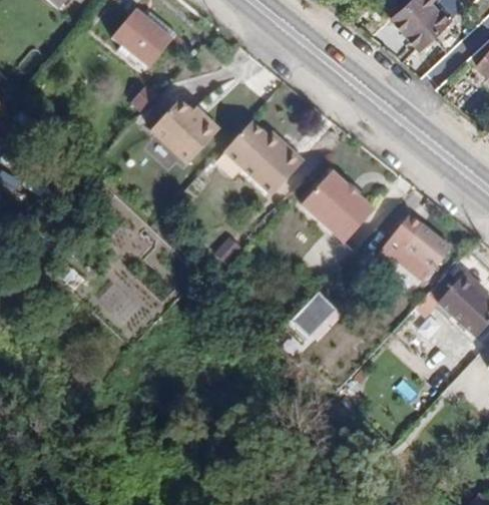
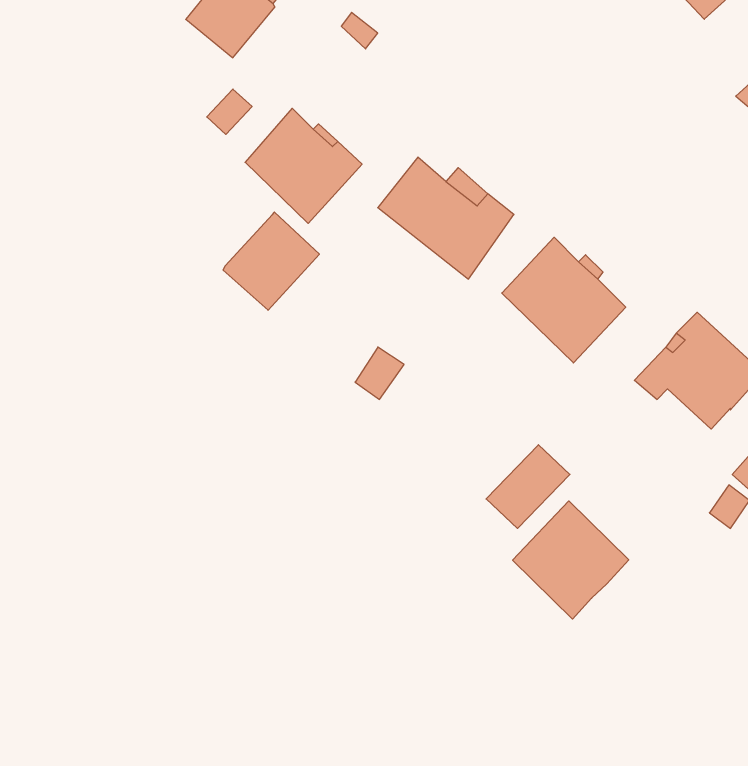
building: none -> [223,212,319,310]
building: none -> [513,501,629,619]

